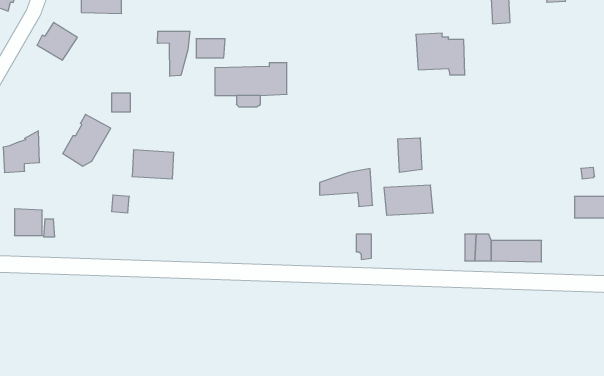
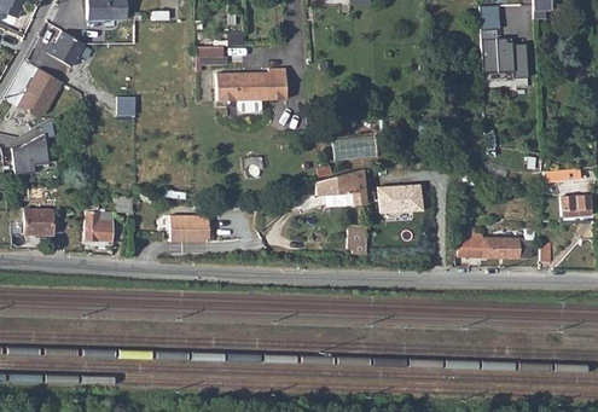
building: [157,31,190,76] -> none
building: [416,33,465,75] -> [482,37,529,77]
building: [63,114,111,166] -> [16,66,62,116]
building: [398,138,422,172] -> none
building: [132,150,174,179] -> [168,214,208,242]
building: none -> [83,203,123,242]

